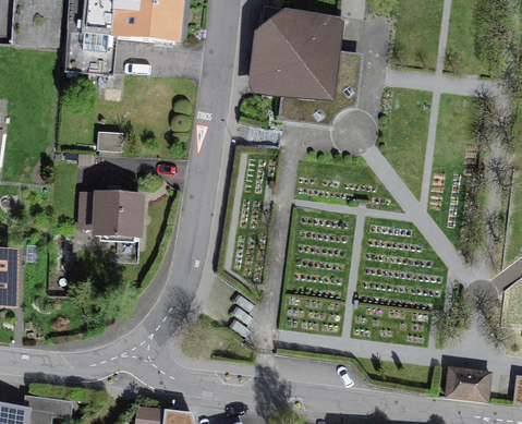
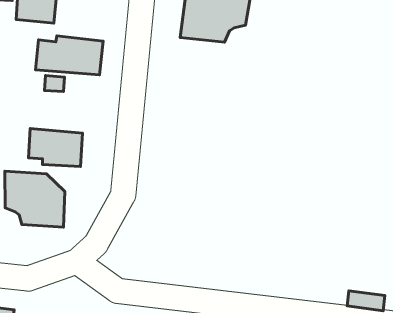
building: none -> [35,36,103,75]
building: none -> [5,171,65,227]

